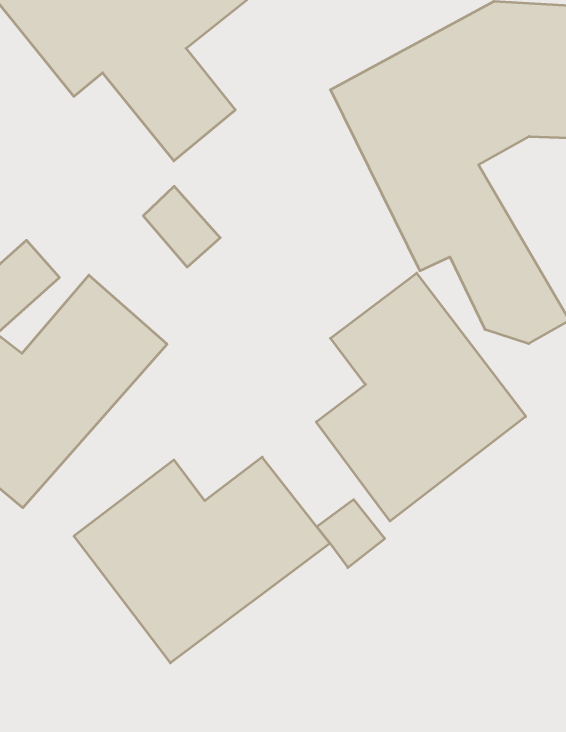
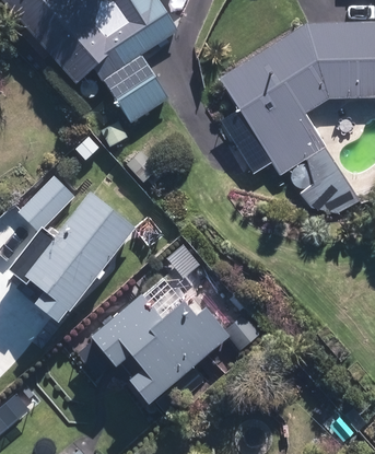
building: [316,273,526,521] -> none

